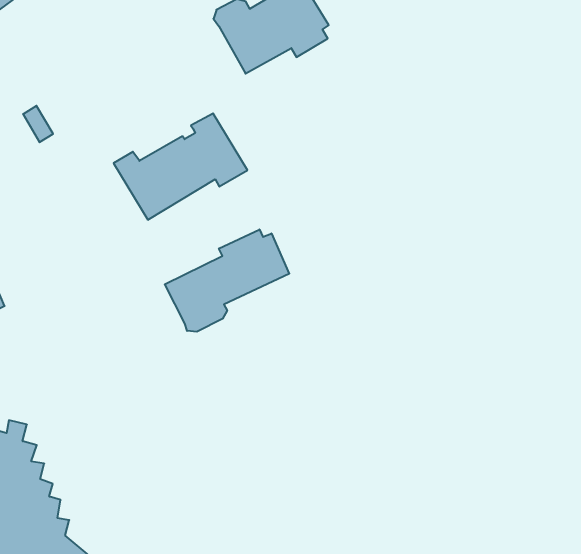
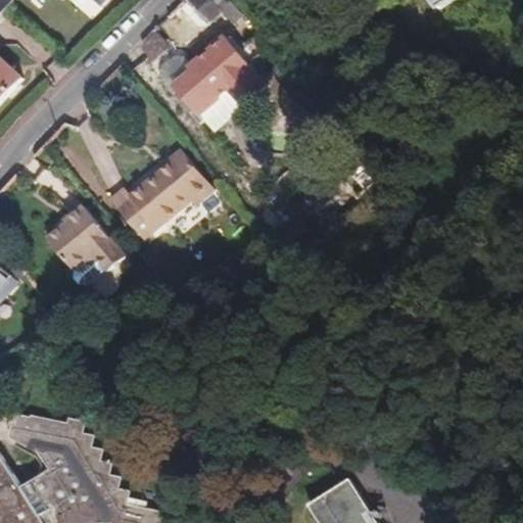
building: none -> [45,204,123,284]
building: [165,229,289,332] -> none

